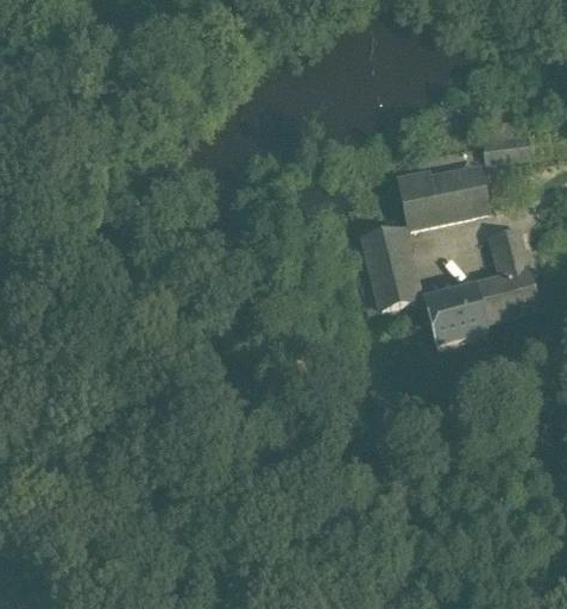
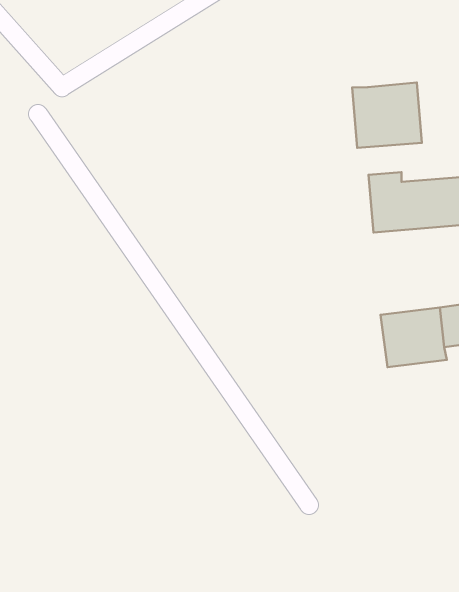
building: none -> [352,83,422,148]
building: [363,228,417,309] -> none

